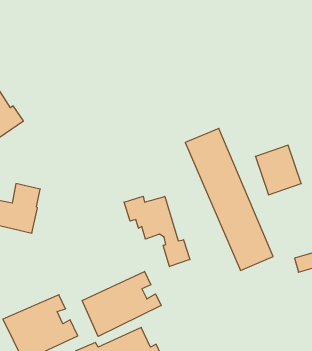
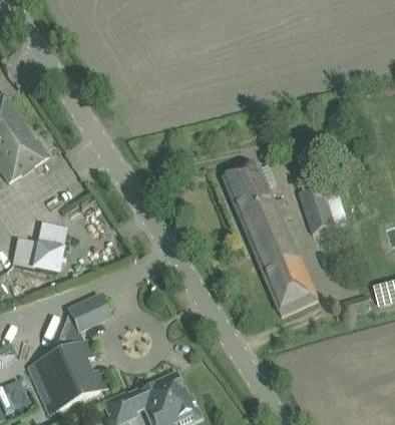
building: [124,196,190,267] -> none
building: none -> [68,295,107,328]
building: [82,271,161,336] -> none

